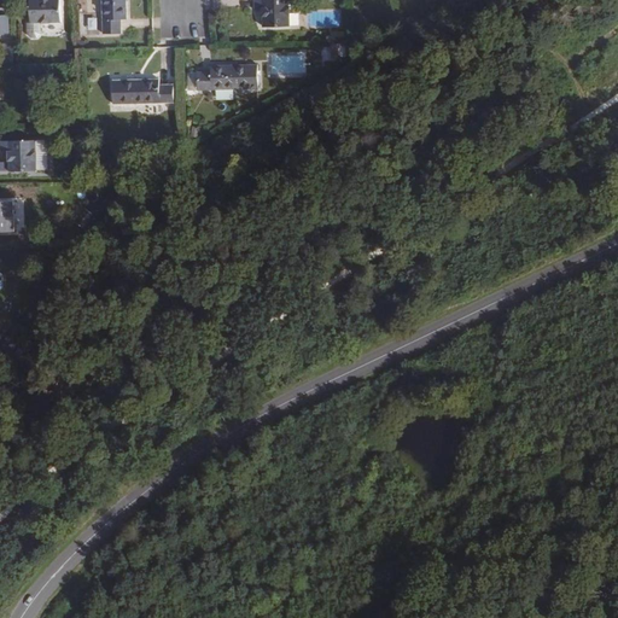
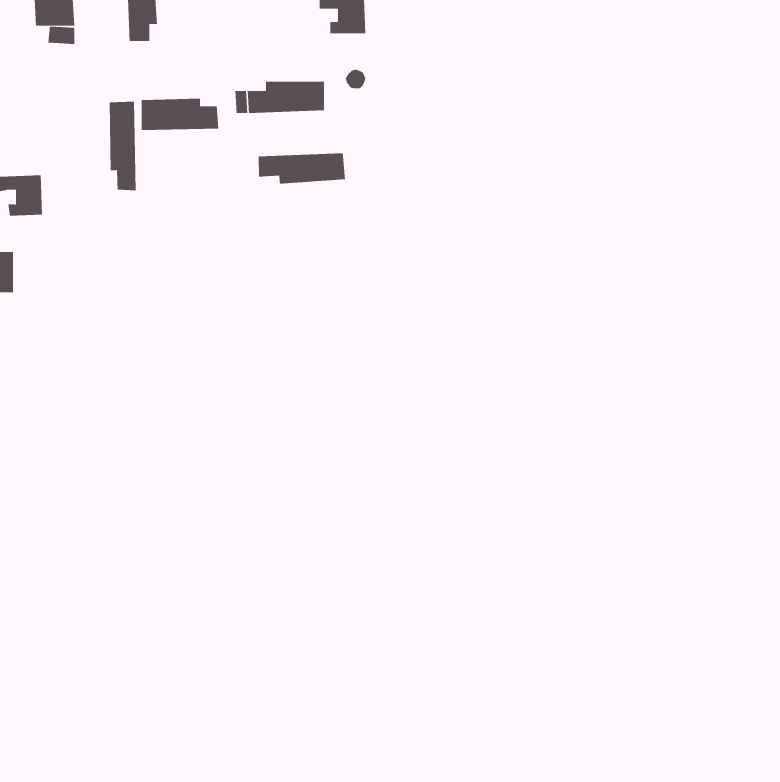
building: none -> [109,101,136,191]
building: none -> [258,152,346,185]

